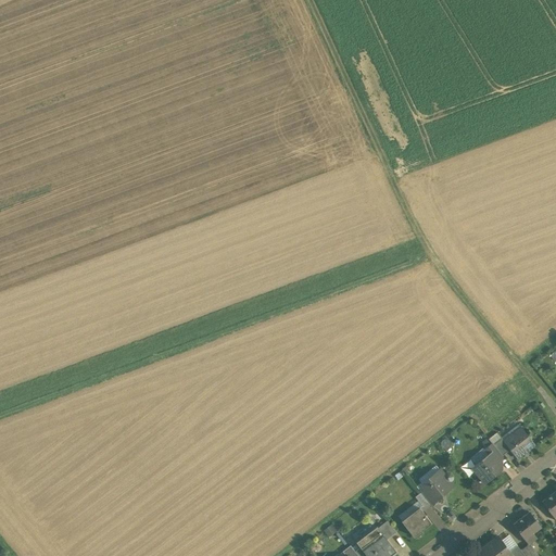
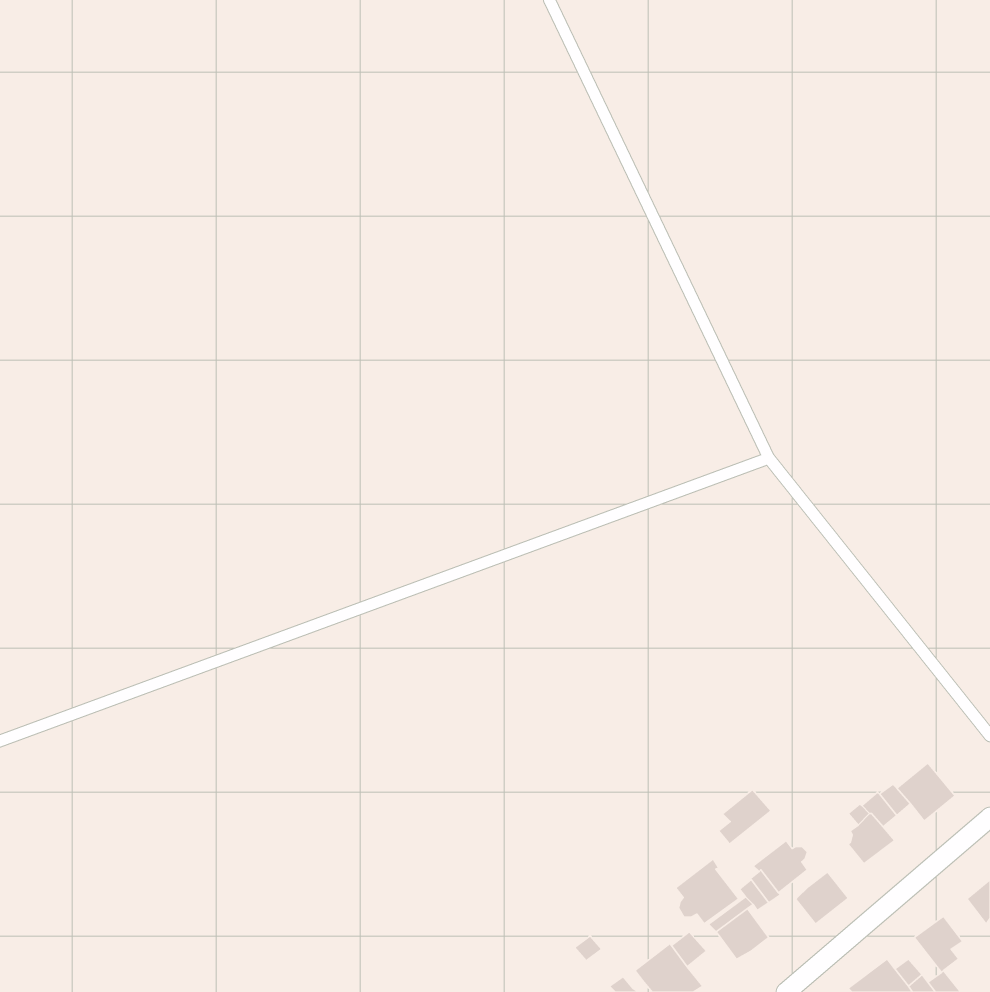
building: none -> [718,790,771,844]
building: none -> [676,859,739,924]
building: none -> [795,872,849,924]

